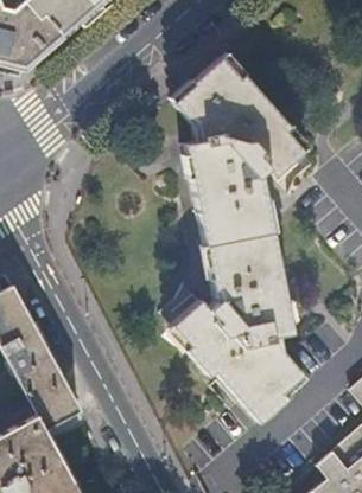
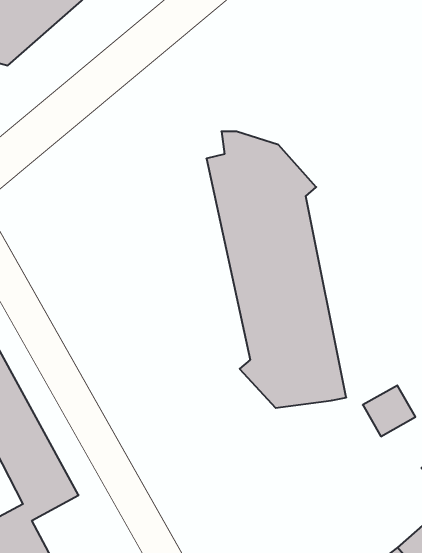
building: [174,55,304,174] -> none
building: [173,302,305,422] -> none

